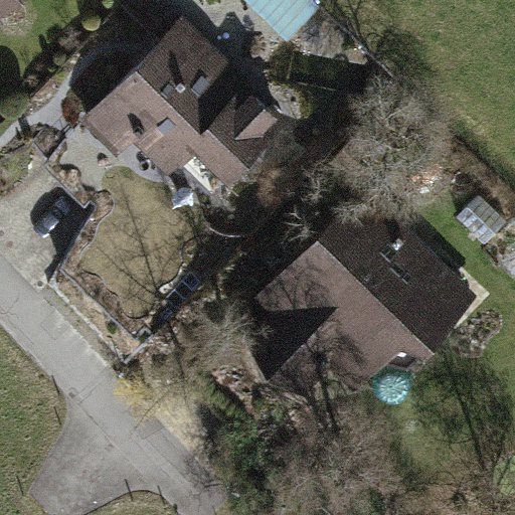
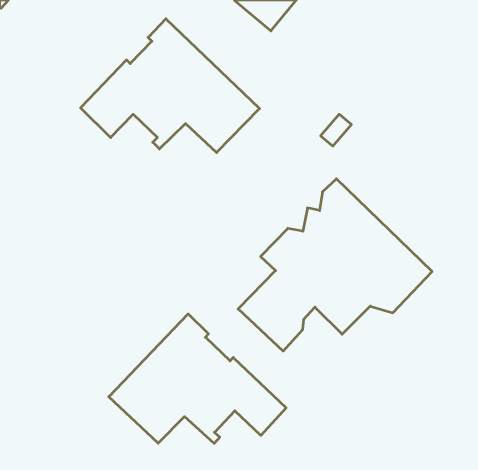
building: none -> [109,314,286,443]

